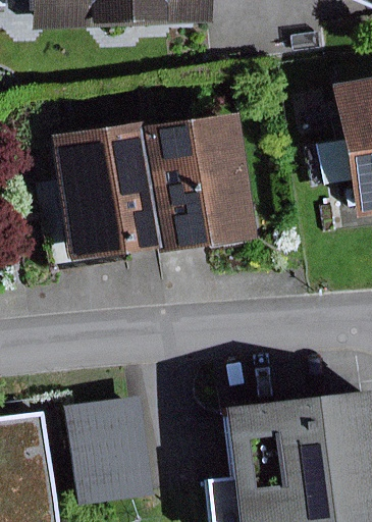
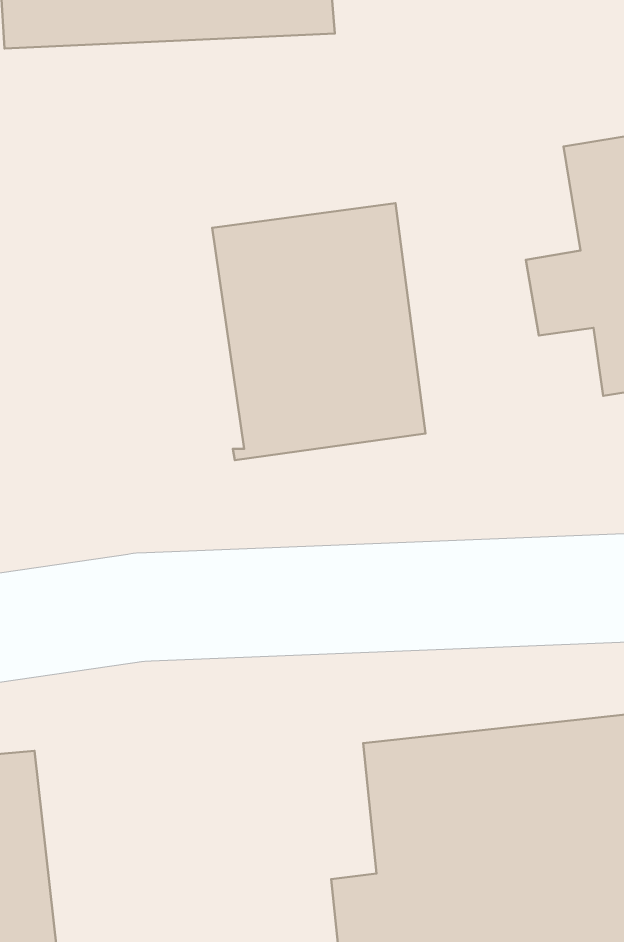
building: [52,120,158,259] -> none
building: [67,396,156,504] -> none

